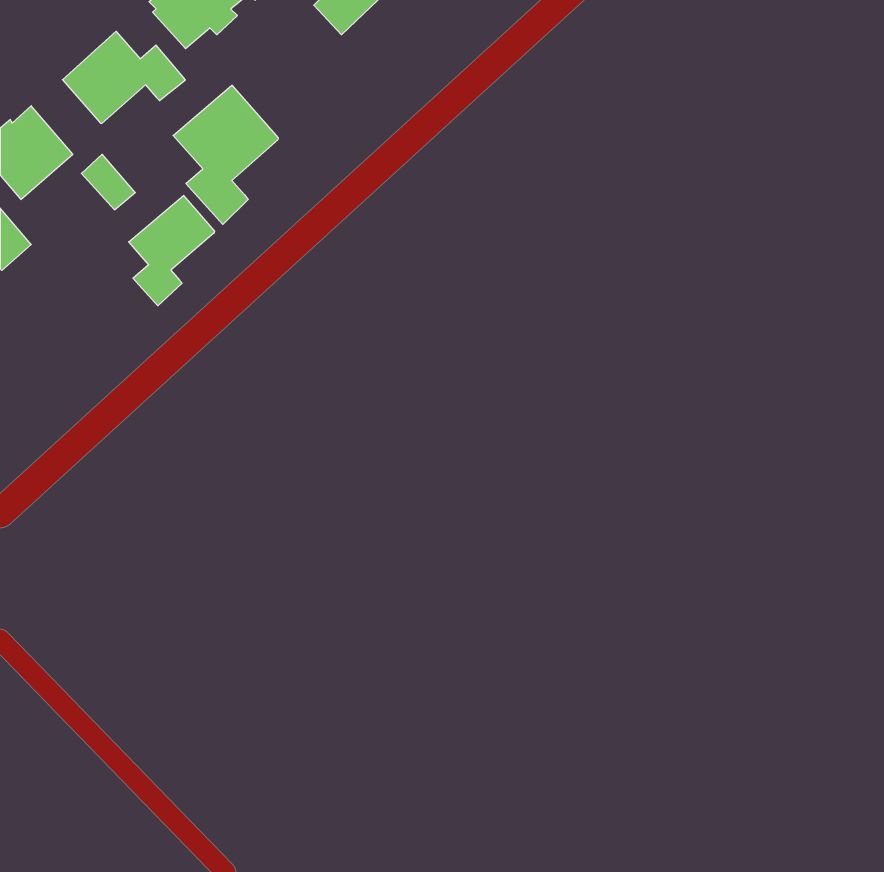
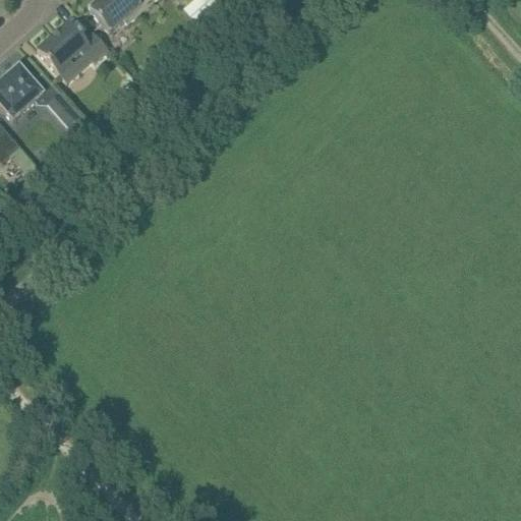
building: [173,85,278,224] -> none
building: [129,195,215,306] -> none

